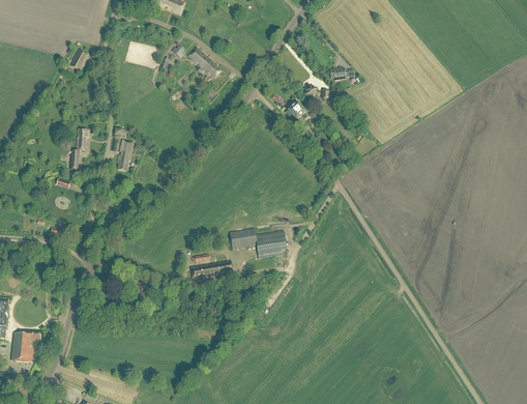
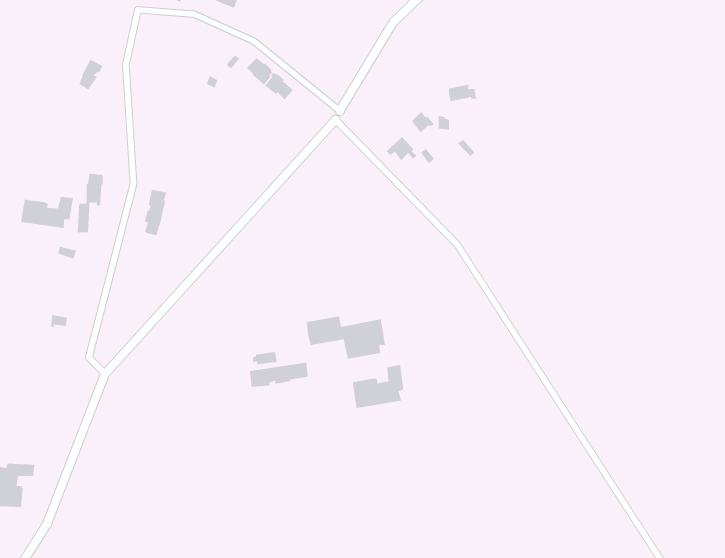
building: none -> [20,196,74,229]
building: none -> [352,364,404,409]

